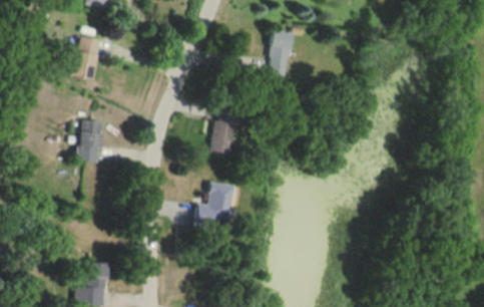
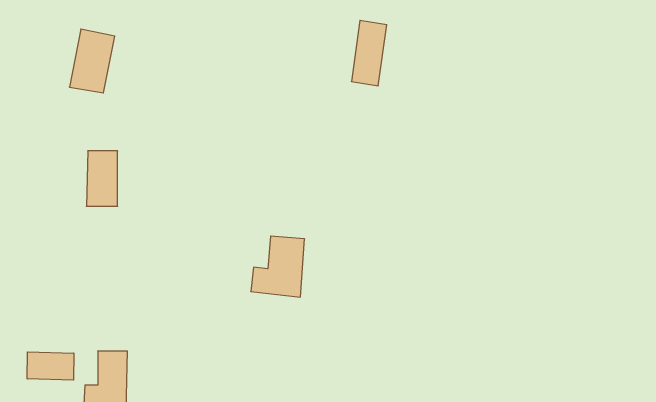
building: [210,103,238,153] -> none
building: none -> [27,352,74,380]

